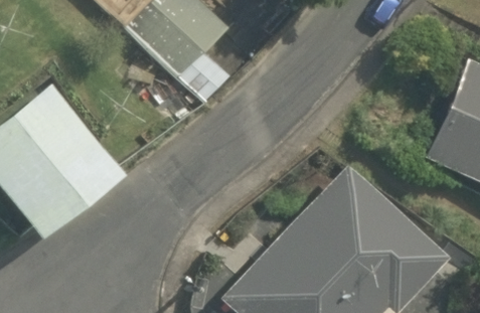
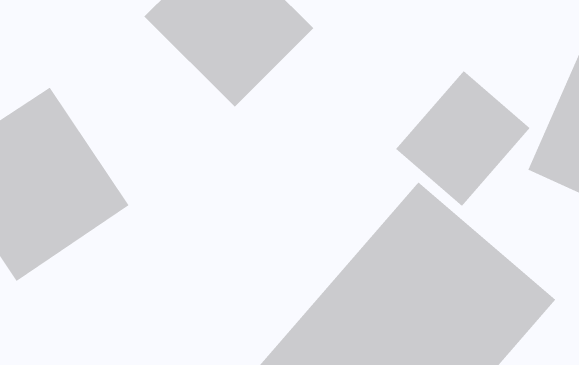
building: none -> [395,70,531,207]

